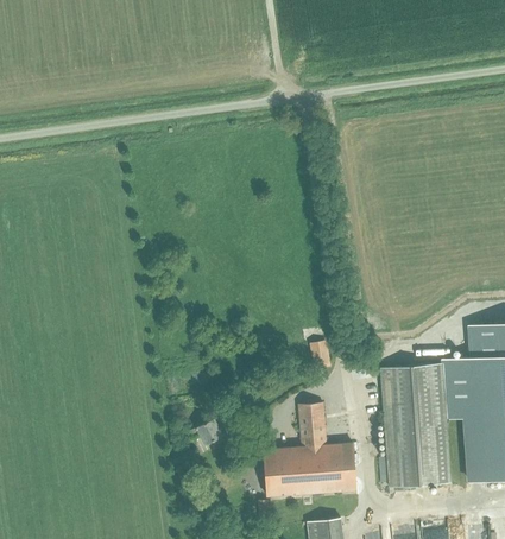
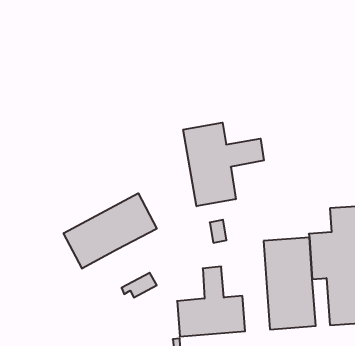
building: none -> [183,123,264,206]
building: none -> [64,193,157,269]

